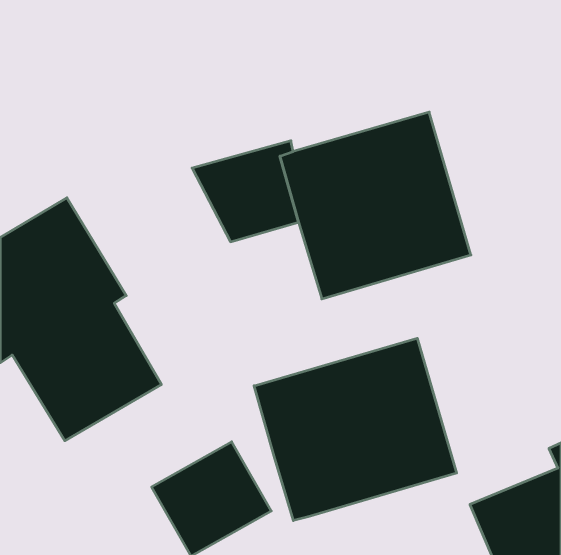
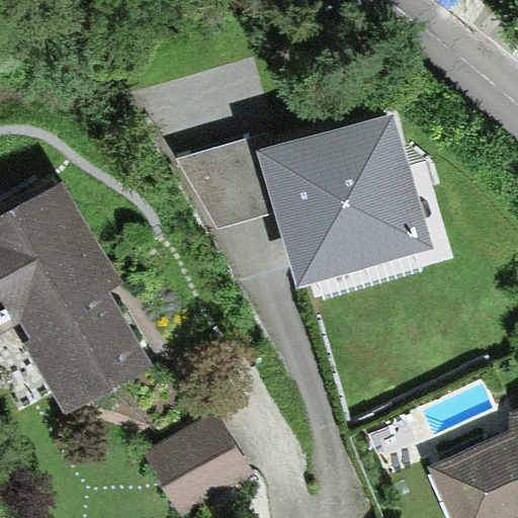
building: [254,338,457,521] -> none

